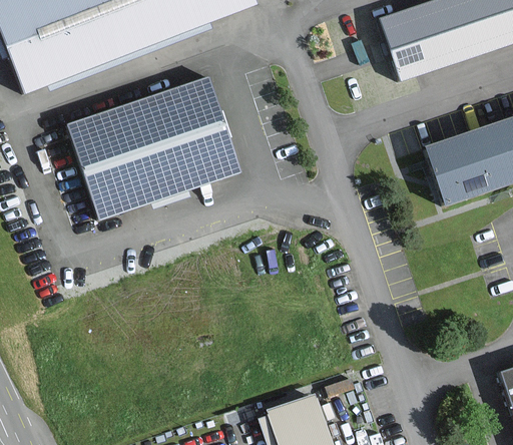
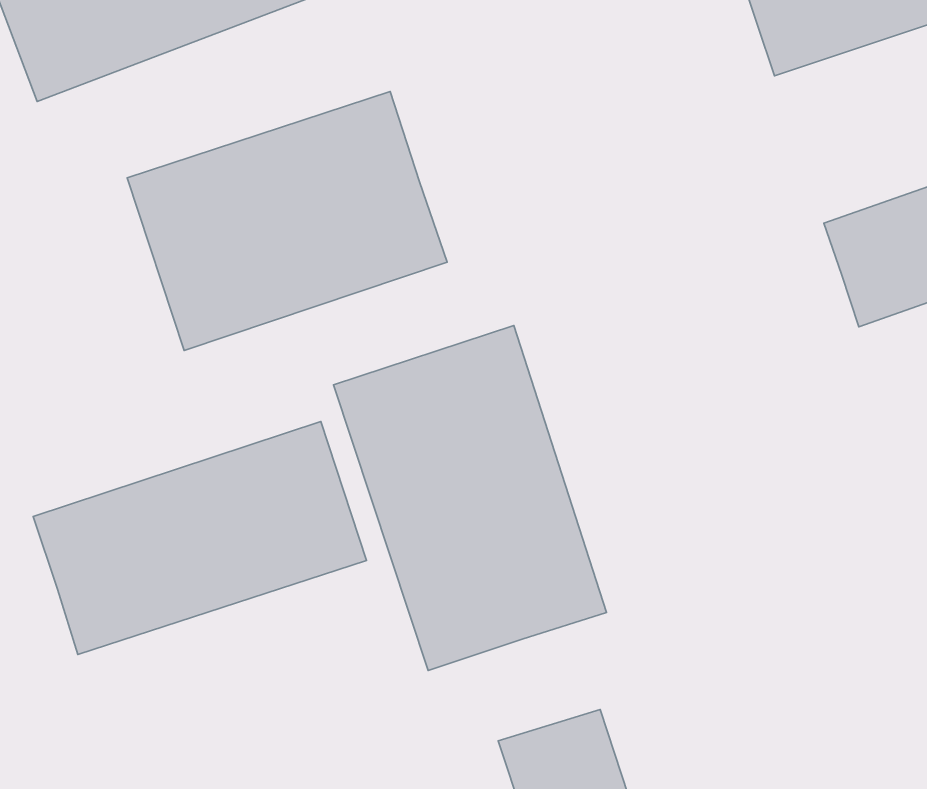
building: none -> [334,325,607,671]
building: none -> [33,421,367,654]

